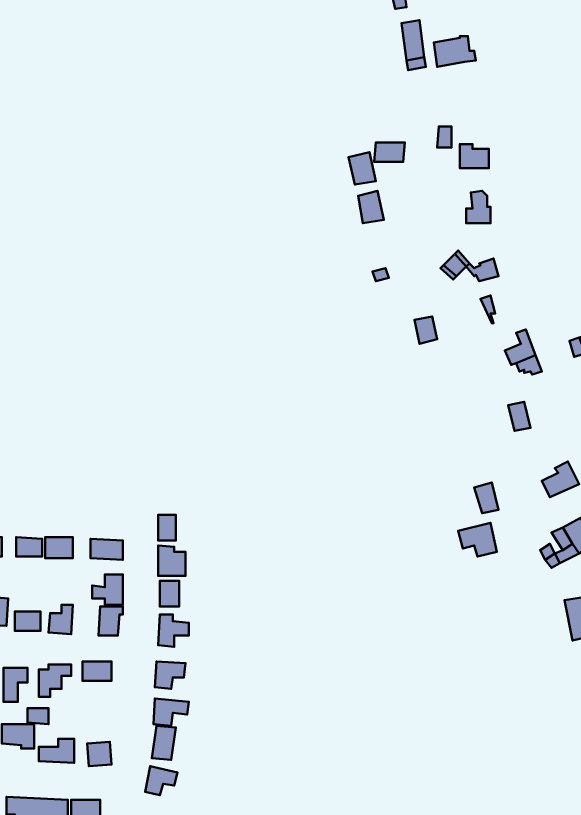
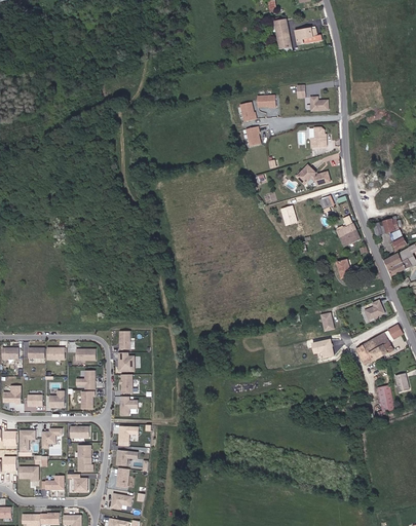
building: none -> [76,445,92,472]

